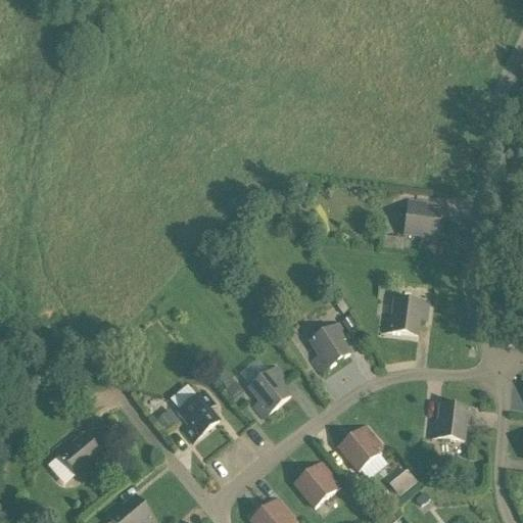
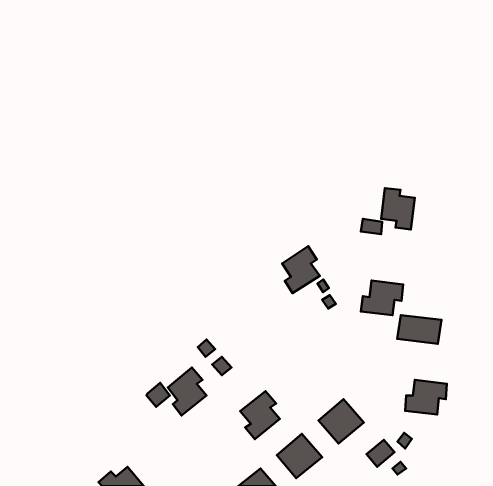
building: [310,321,349,371] -> [282,246,320,293]
building: none -> [397,315,441,344]
building: [248,365,290,416] -> [240,391,280,439]
building: [54,433,105,475] -> none

